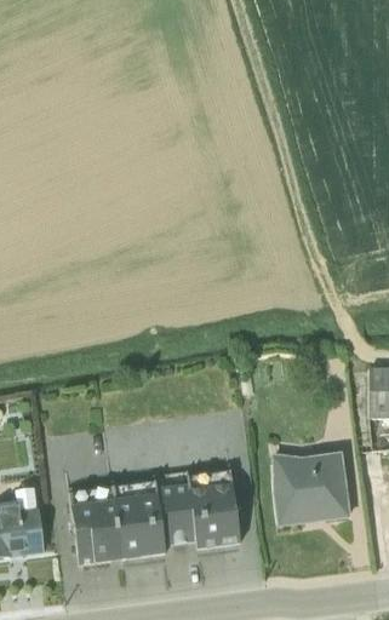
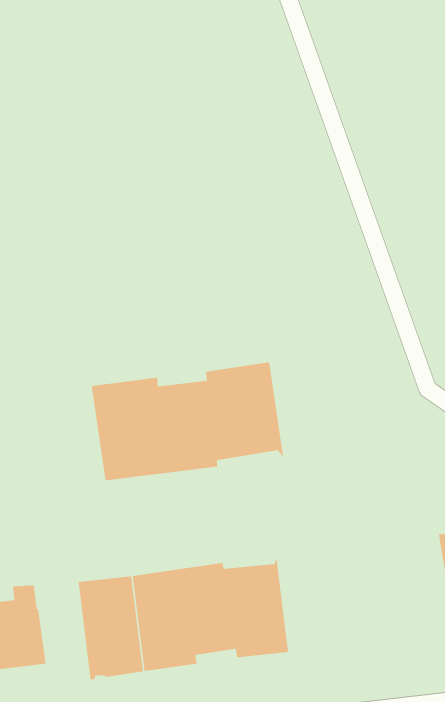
building: none -> [91,362,284,481]
building: [269,448,353,523] -> none

